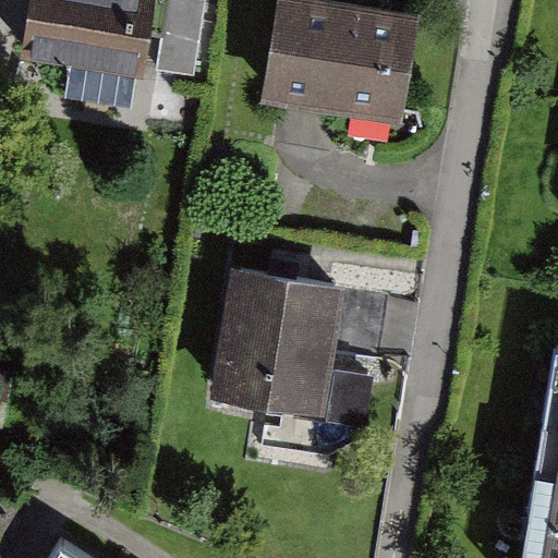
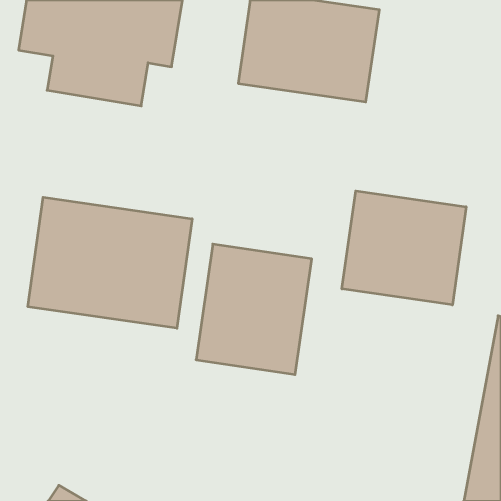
building: none -> [342,191,466,305]
building: none -> [28,197,192,328]

